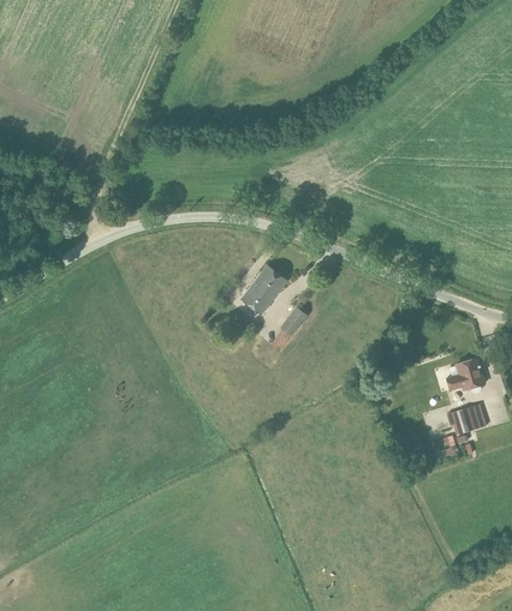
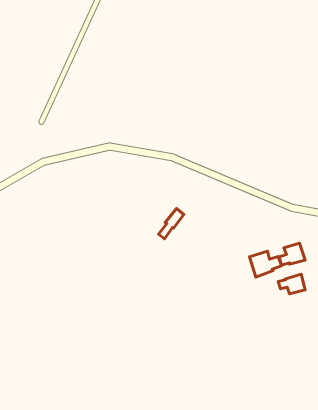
building: [243,265,286,313] -> none
building: none -> [250,251,281,277]

